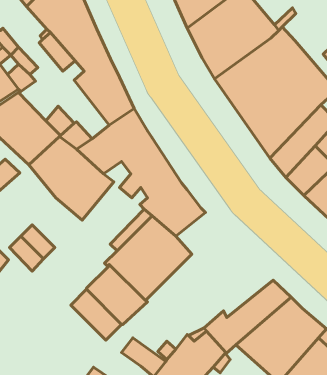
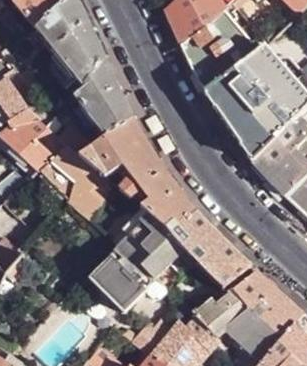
building: none -> [171,210,250,285]

